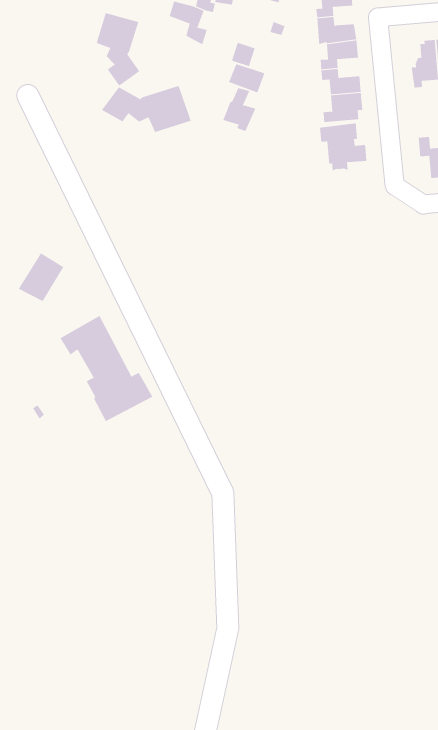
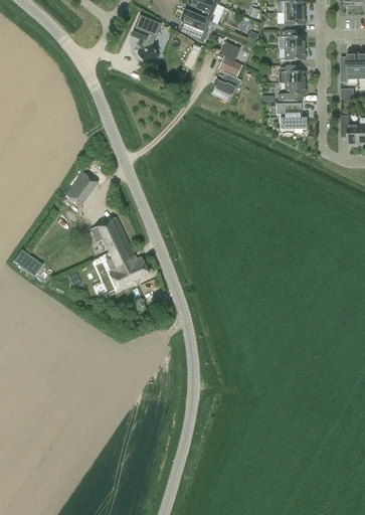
building: [101,85,192,133] -> none

